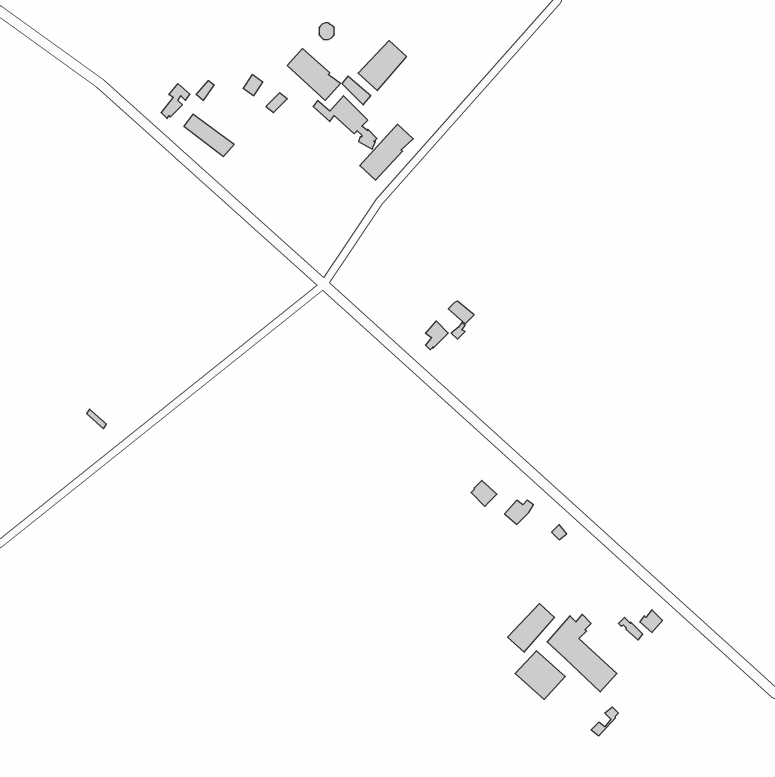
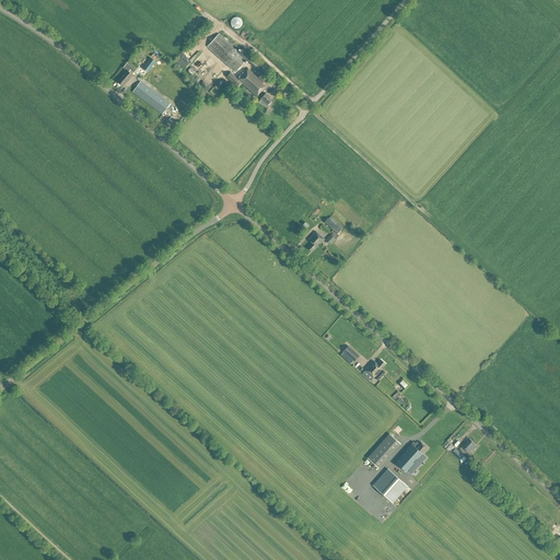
building: [358,41,406,91] -> none
building: [360,124,413,180] -> none

